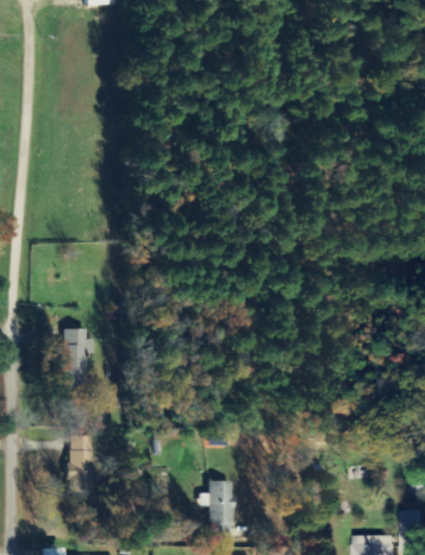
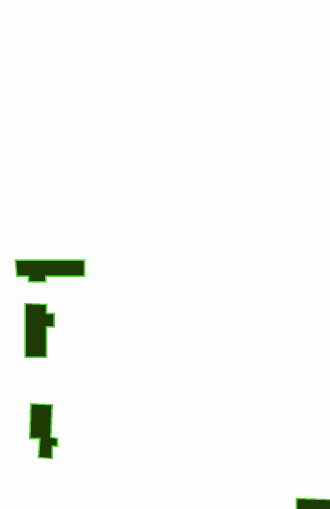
building: none -> [15,260,85,282]
building: [198,480,232,532] -> none

